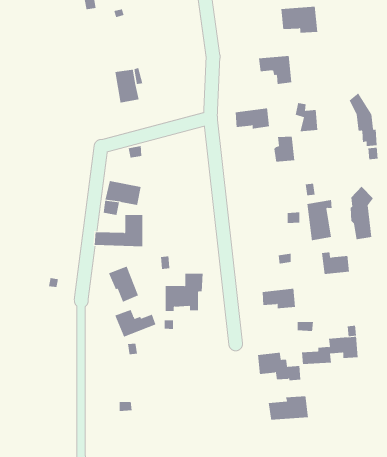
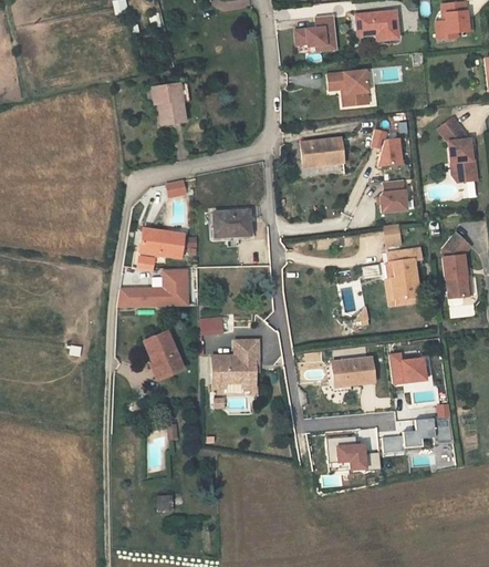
building: none -> [441,11,477,47]
building: none -> [293,16,336,51]
building: [274,136,295,162] -> [381,181,407,213]
building: none -> [211,209,251,234]
building: [321,252,350,274] -> [389,353,425,381]
building: [115,309,156,338] -> none
building: [268,396,308,420] -> none

